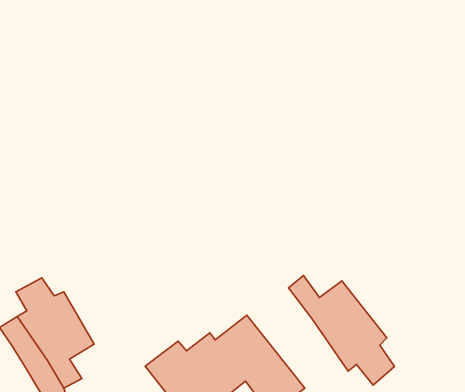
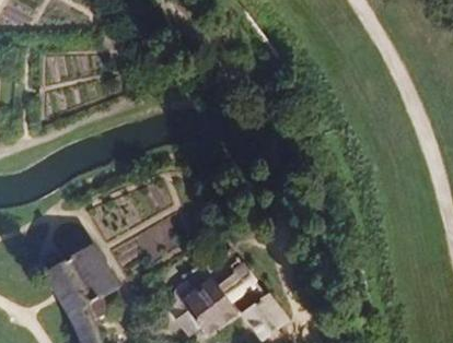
building: [289,275,395,385] -> none

